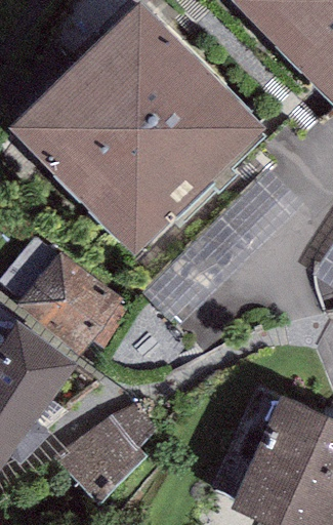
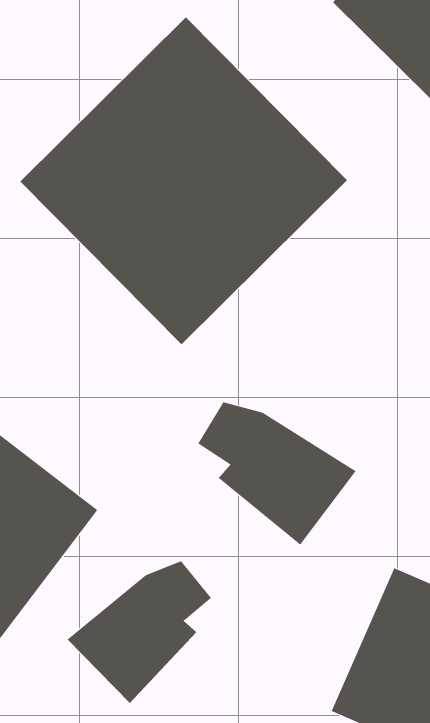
building: [15,251,126,355] -> none
building: none -> [197,401,356,546]

